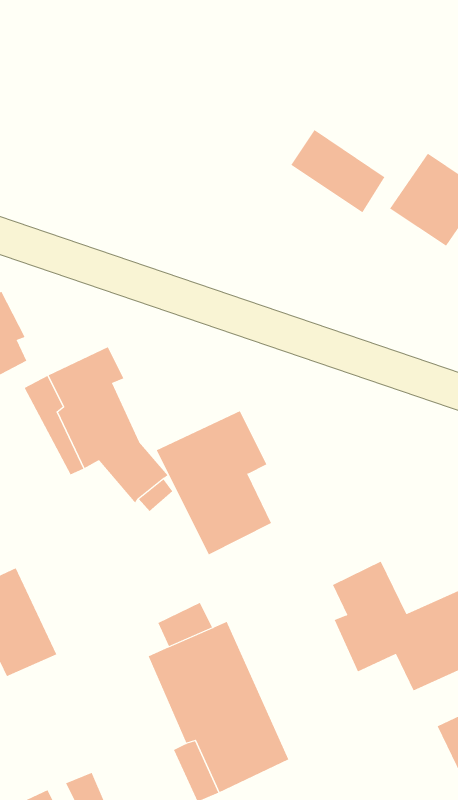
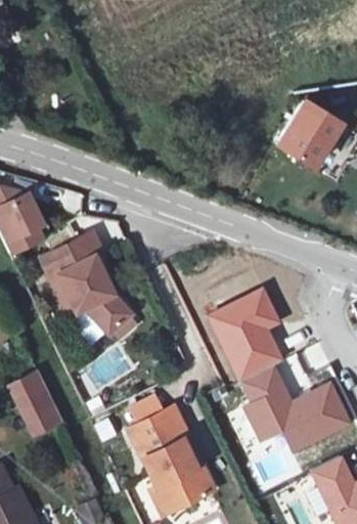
building: [291,129,385,213] -> none
building: [156,411,272,555] -> [207,288,281,381]

